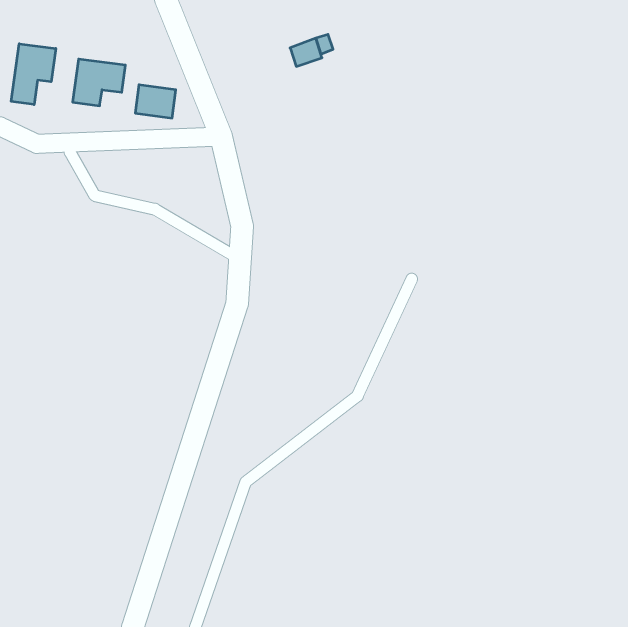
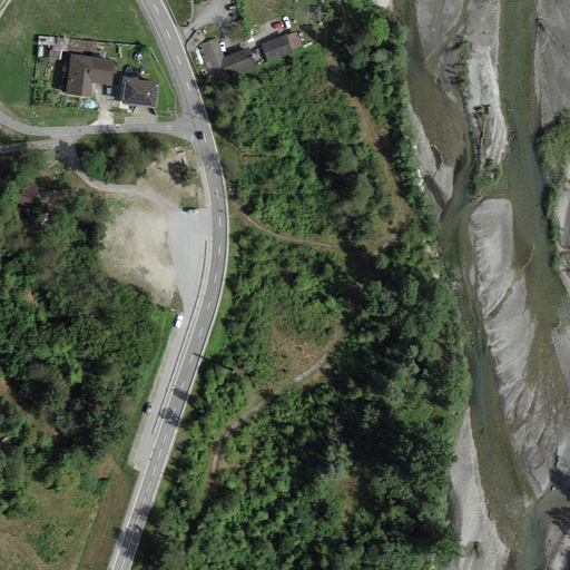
building: none -> [199,38,256,81]
building: [11,44,56,105] -> none

